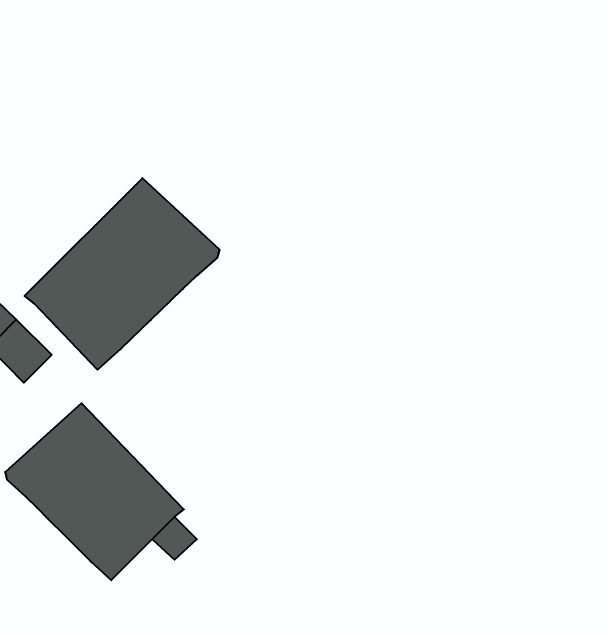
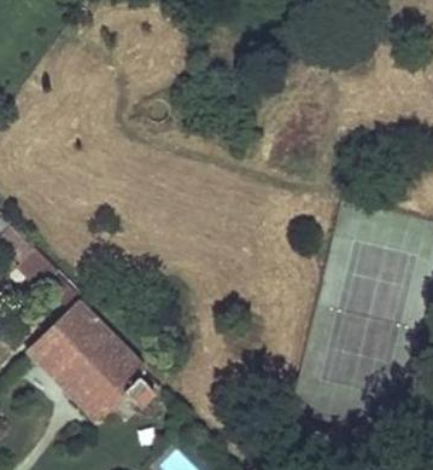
building: [25,178,220,370] -> none

